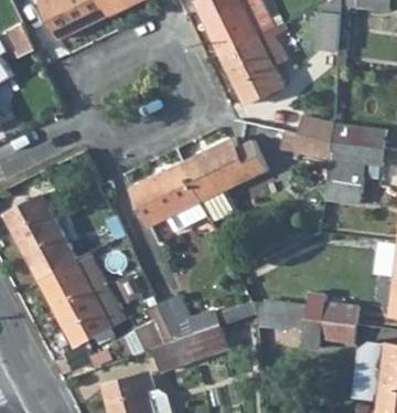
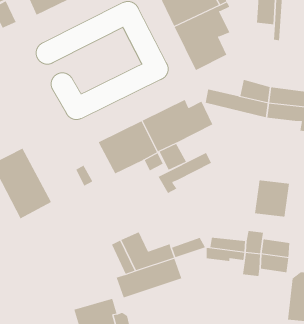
building: [323,160,365,204] -> [254,180,290,217]
building: none -> [158,152,212,194]
building: [39,253,125,346] -> none

